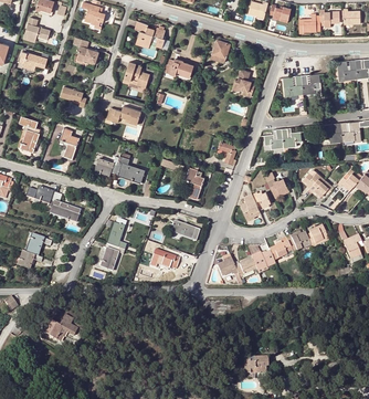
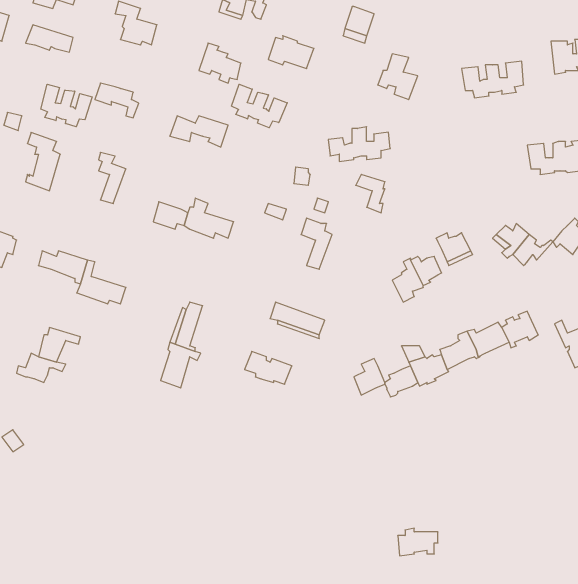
building: none -> [232,84,287,128]
building: none -> [41,84,92,127]
building: [264,127,302,148] -> [328,127,390,161]
building: [42,313,76,339] -> none

